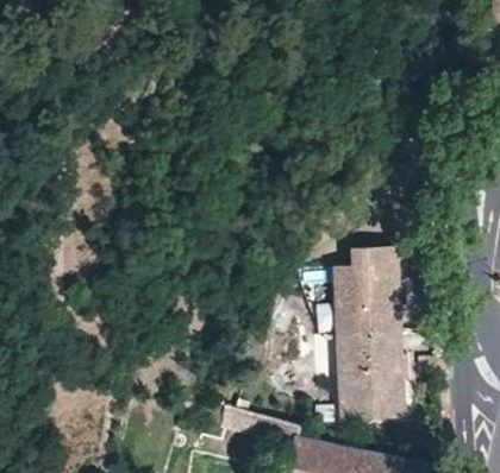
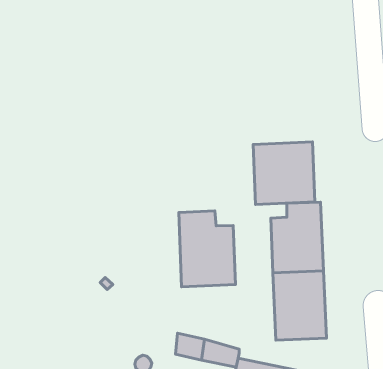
building: none -> [253,142,315,204]
building: none -> [179,211,236,287]

